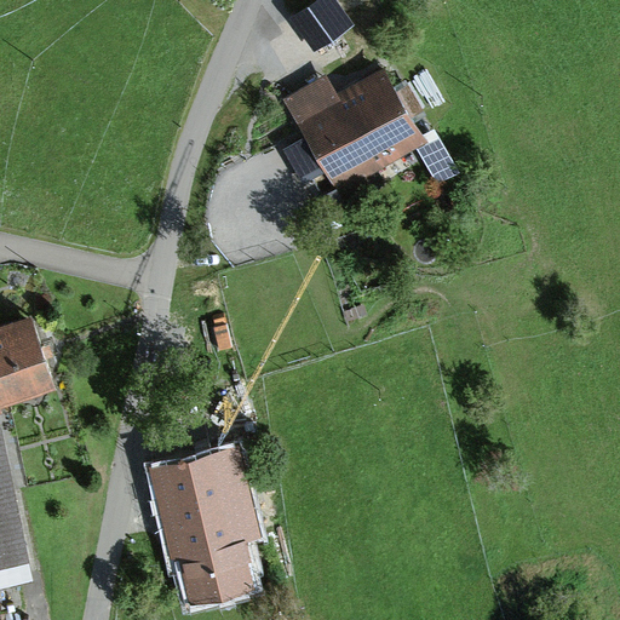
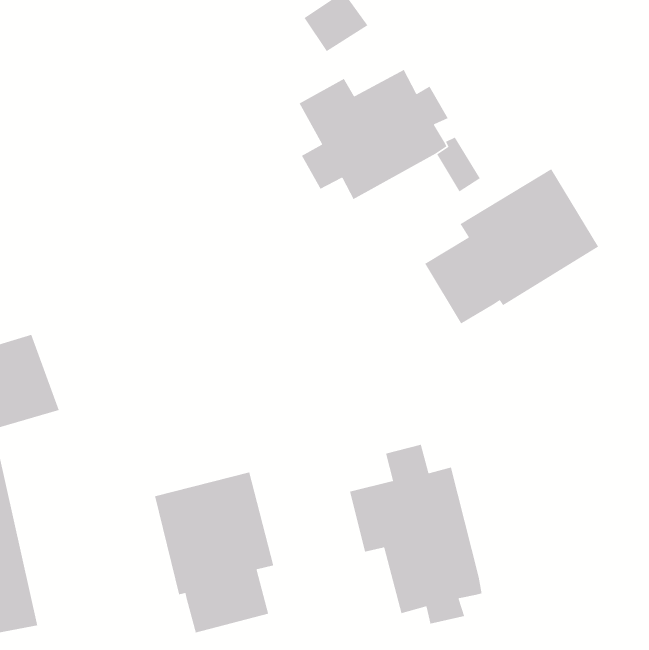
building: none -> [424,168,599,324]
building: none -> [349,444,483,625]

